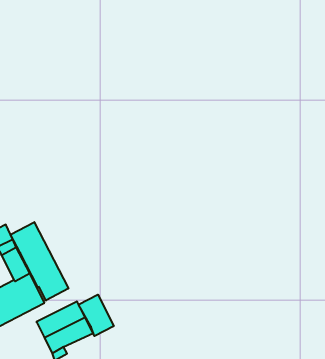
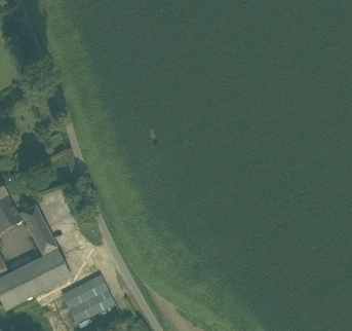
building: [10,222,68,301] -> none
building: [79,295,114,336] -> none

